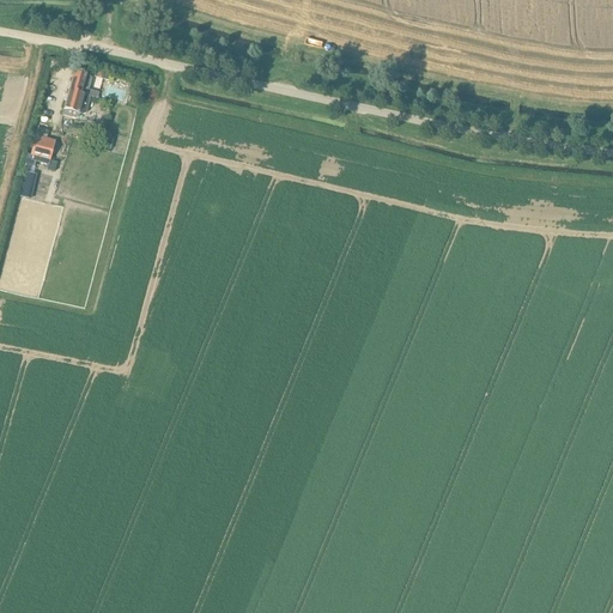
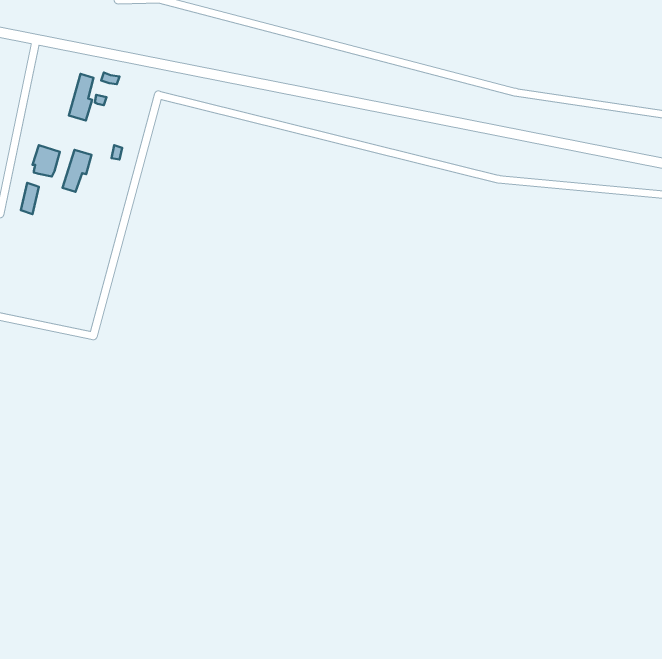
building: none -> [62,150,92,192]

